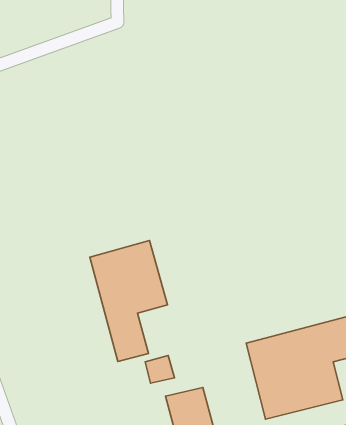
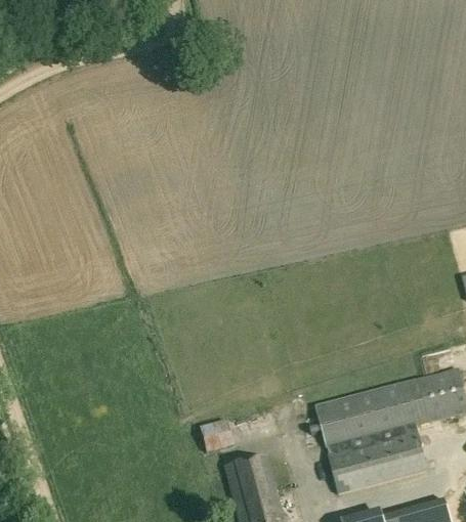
building: [90,241,168,361] -> none

